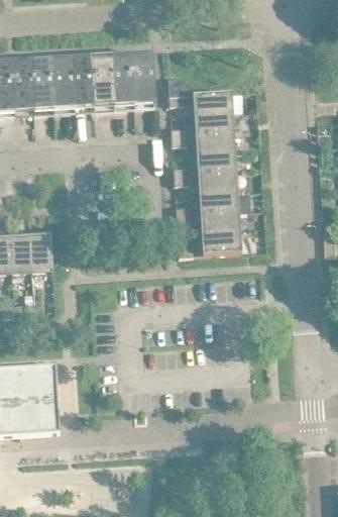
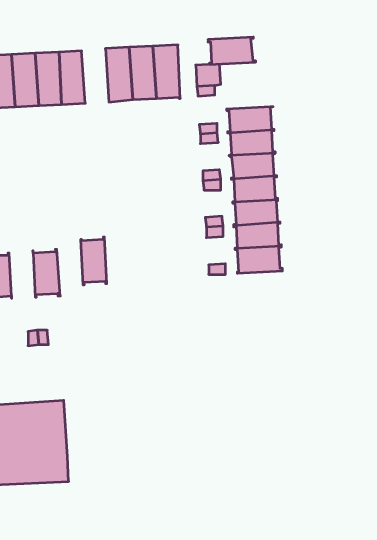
building: [70,63,93,109] -> none
building: [192,91,232,114] -> [208,37,256,64]
building: [8,234,30,275] -> [81,237,107,285]

